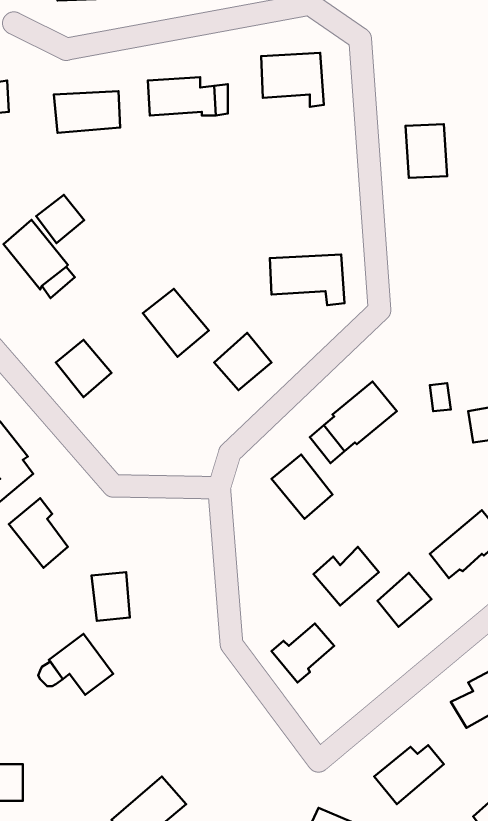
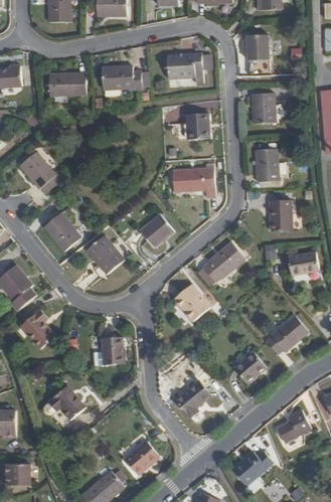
building: none -> [246,34,270,60]
building: none -> [185,113,209,139]
building: [36,195,84,243] -> none
building: none -> [254,149,278,183]
building: [143,289,209,357] -> [86,234,124,274]
building: none -> [269,200,292,231]
building: [314,547,379,606] -> none
building: [92,572,130,621] -> [101,337,123,365]
building: none -> [123,439,158,474]

